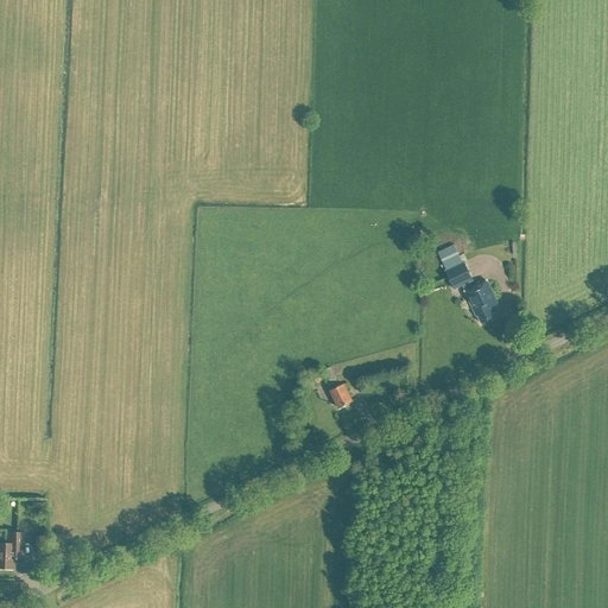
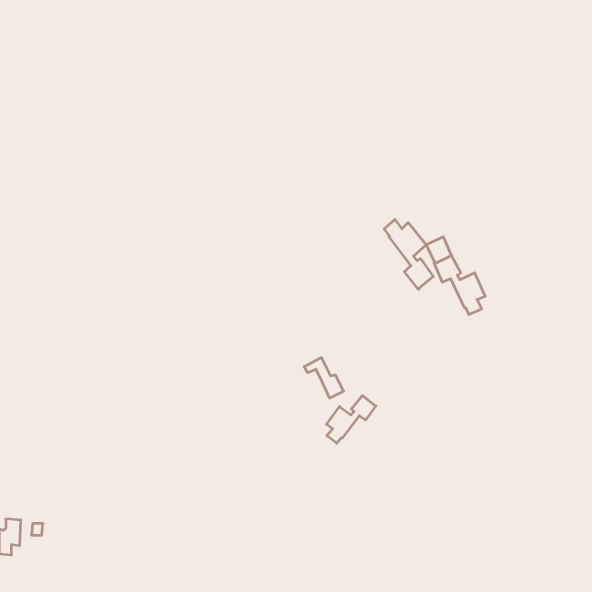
building: none -> [384,219,433,289]
building: none -> [326,396,376,443]

